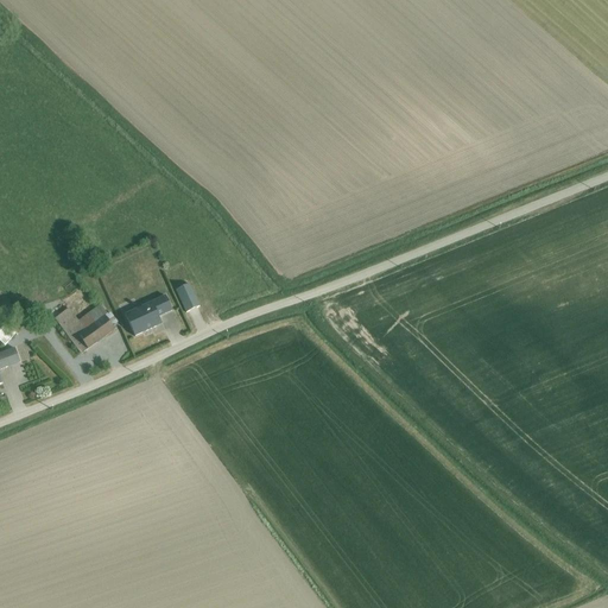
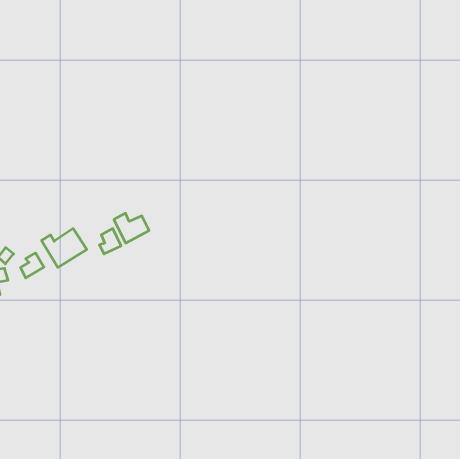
building: none -> [21,253,44,278]

